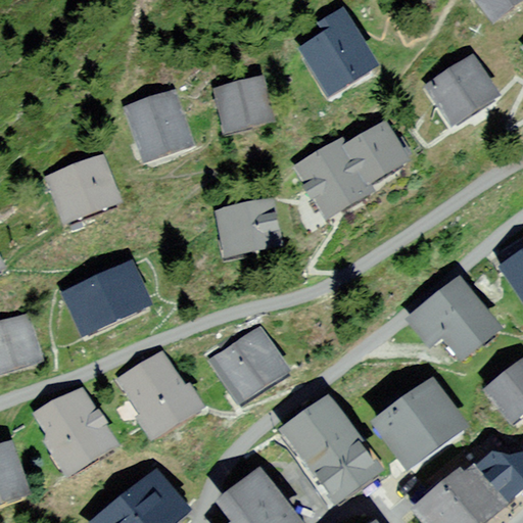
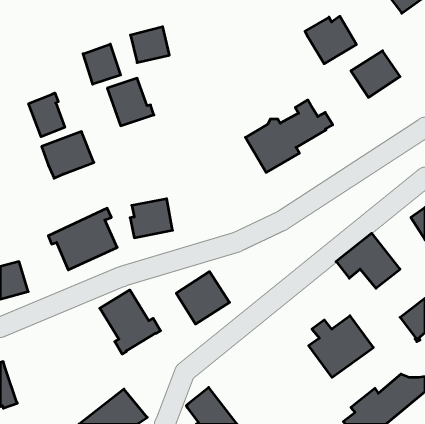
building: [305,31,369,89] -> [305,16,356,64]
building: none -> [83,44,121,84]
building: [220,83,268,127] -> [130,27,169,63]
building: none -> [29,93,65,137]
building: [224,203,276,251] -> [130,199,173,238]
building: [41,392,110,471] -> none
building: [285,402,376,505] -> none

